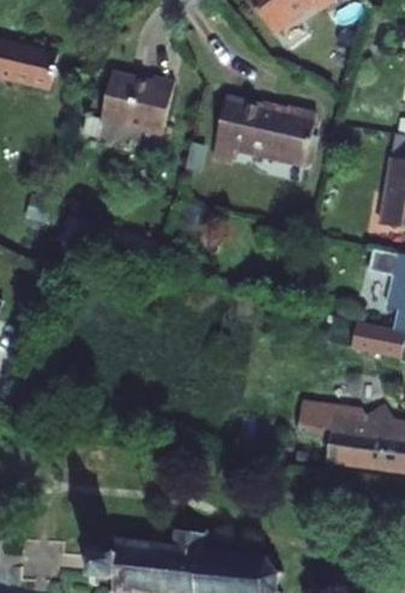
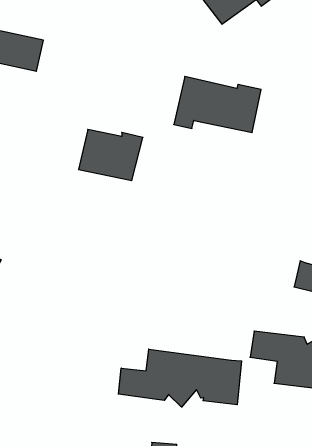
building: [94,83,171,144] -> [79,129,143,181]
building: none -> [118,349,242,407]

